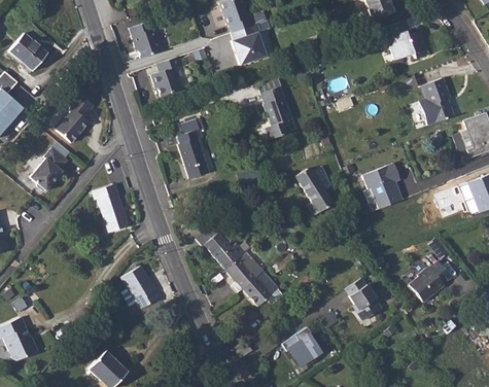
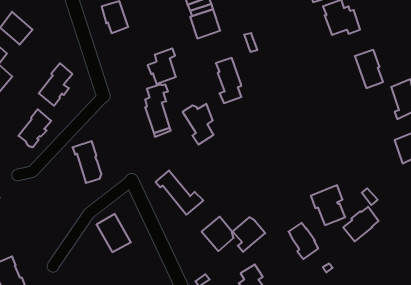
building: [149,55,182,96] -> [148,48,176,84]
building: [362,163,403,209] -> [311,185,345,225]
building: [295,168,331,215] -> [183,104,214,145]
building: [226,252,265,292] -> [232,217,265,252]

